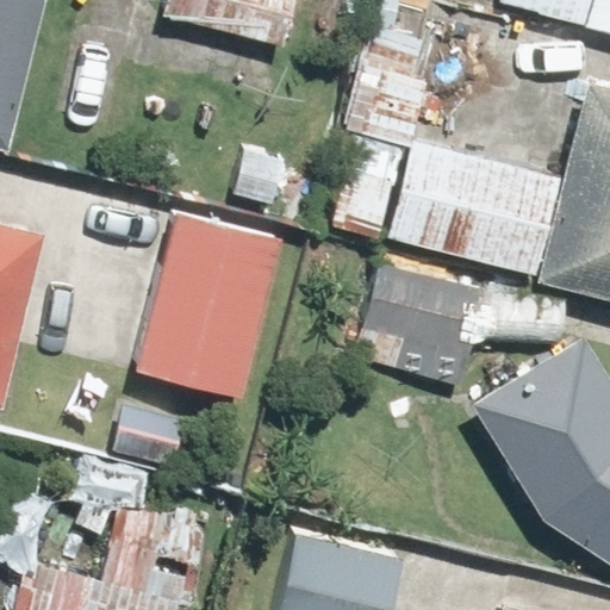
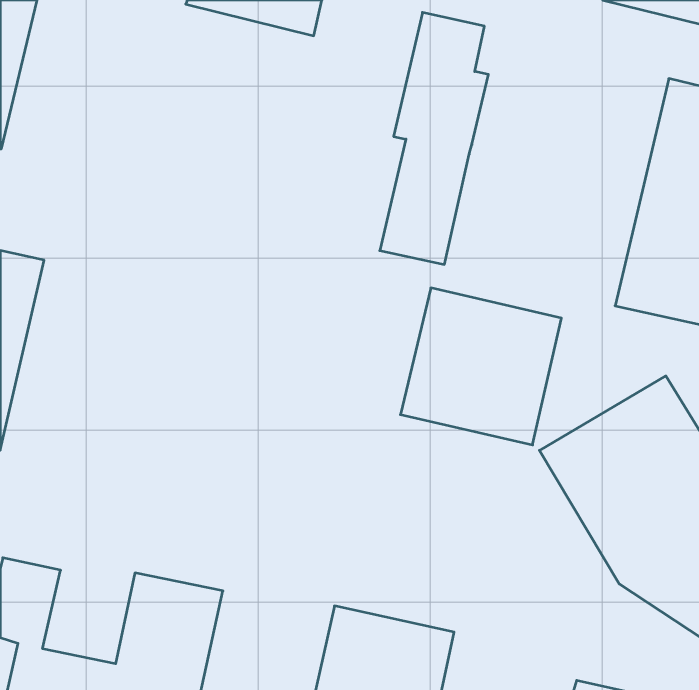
building: [388,137,561,276] -> none
building: [139,211,281,396] -> none

